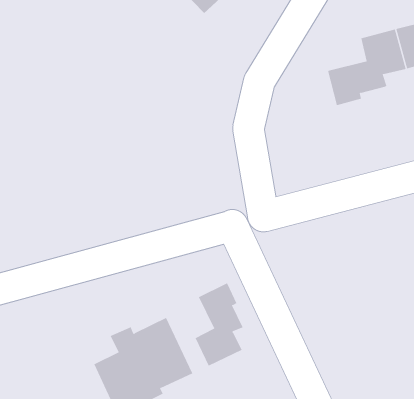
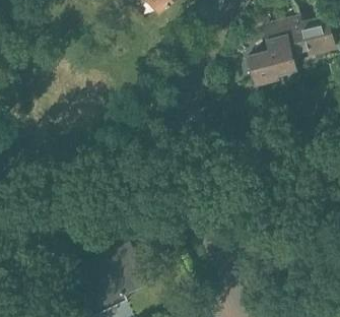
building: [195,283,244,367] -> none

